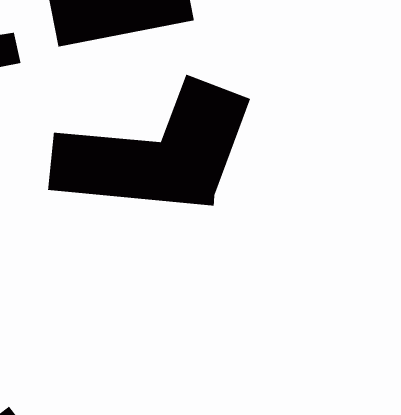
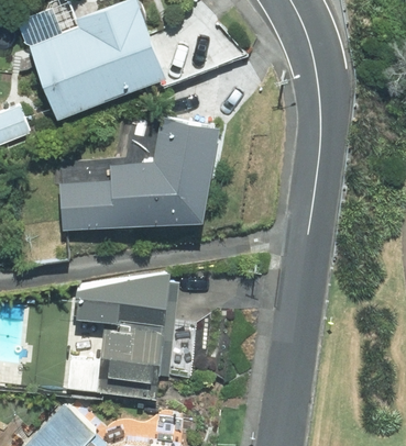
building: none -> [75,283,167,383]

